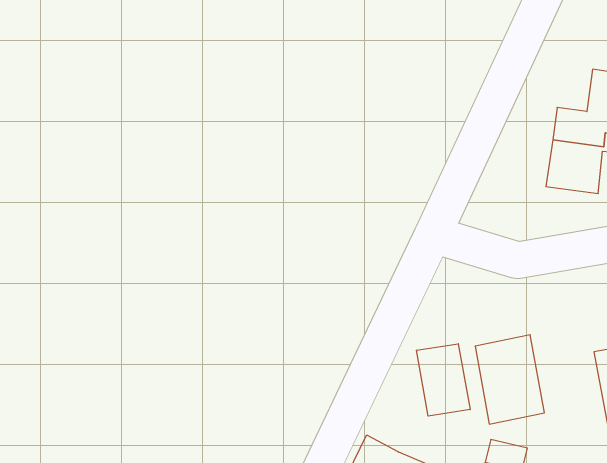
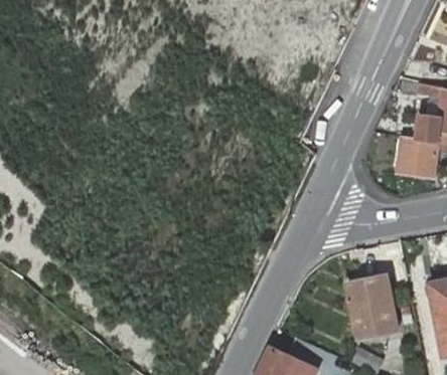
building: [416,344,470,416] -> none

